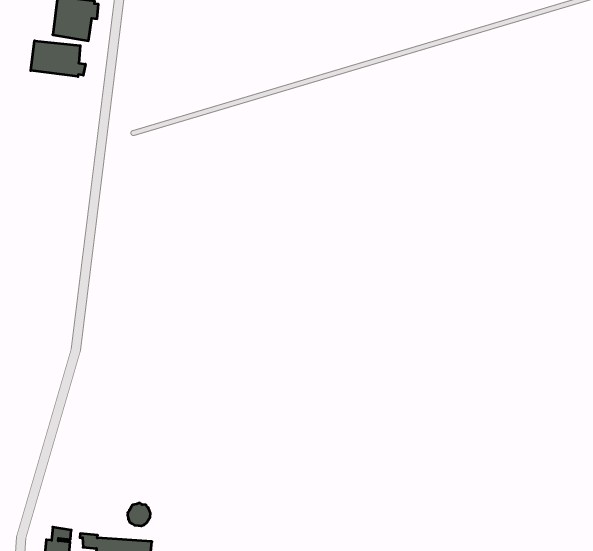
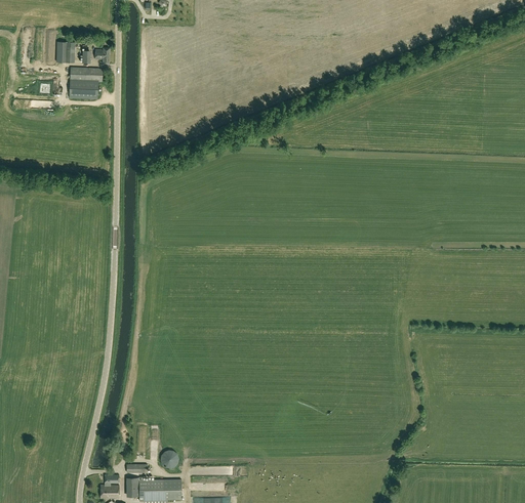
building: [31,41,85,77] -> none

